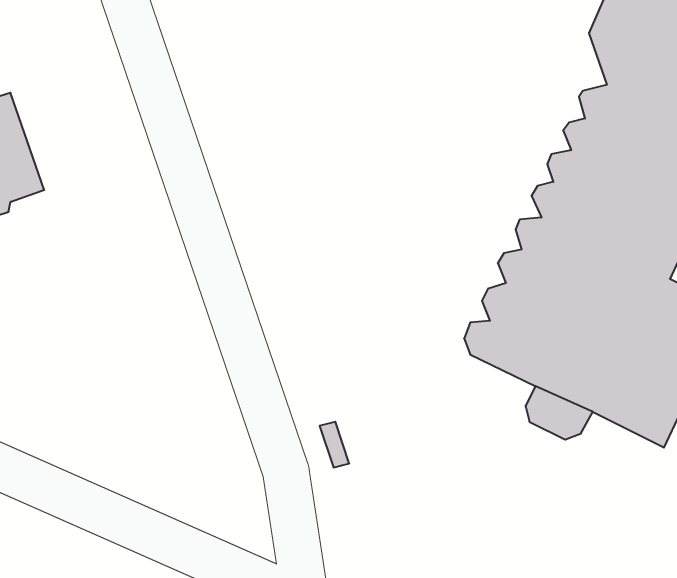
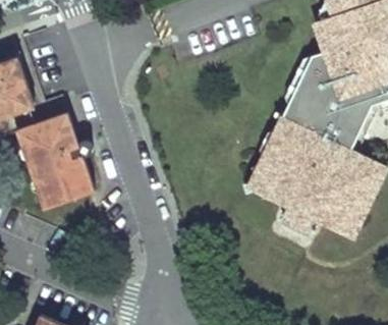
building: none -> [16,113,95,209]

